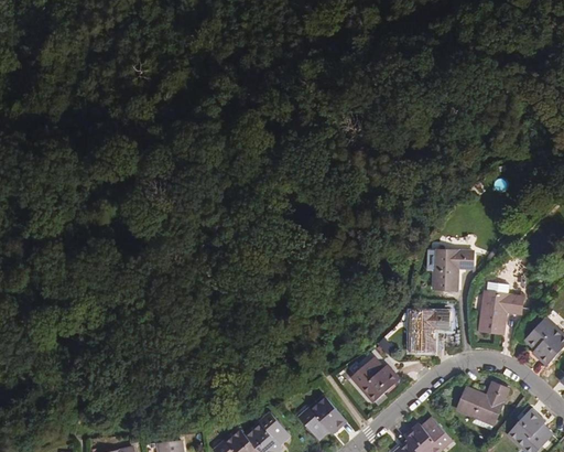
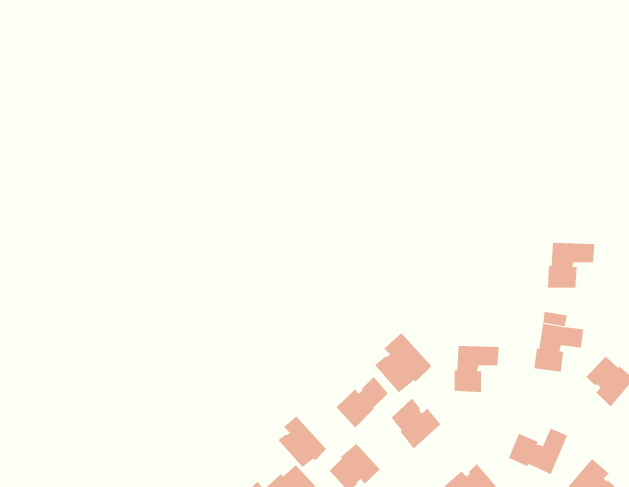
building: [431,251,473,291] -> [547,243,595,288]
building: none -> [374,332,432,393]
building: none -> [336,376,389,428]
building: none -> [278,415,327,468]

